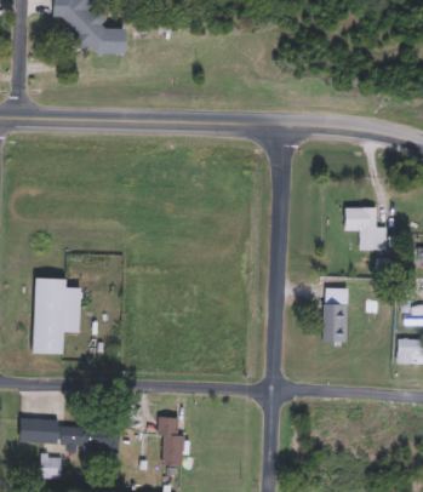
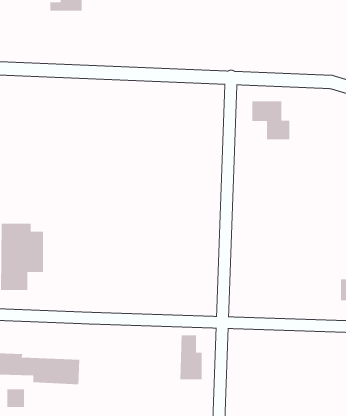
building: [343,208,384,251] -> [251,100,290,140]
building: [324,288,348,344] -> none
building: [160,417,184,465] -> [180,335,202,380]

